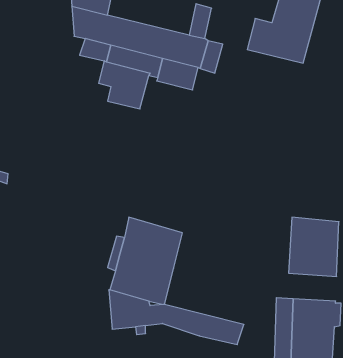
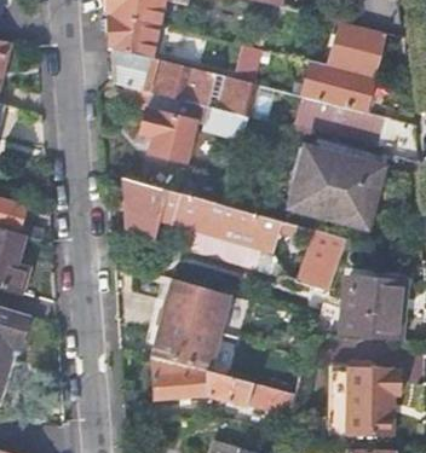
building: none -> [293,95,391,144]
building: none -> [292,149,382,226]
building: none -> [122,176,345,291]

